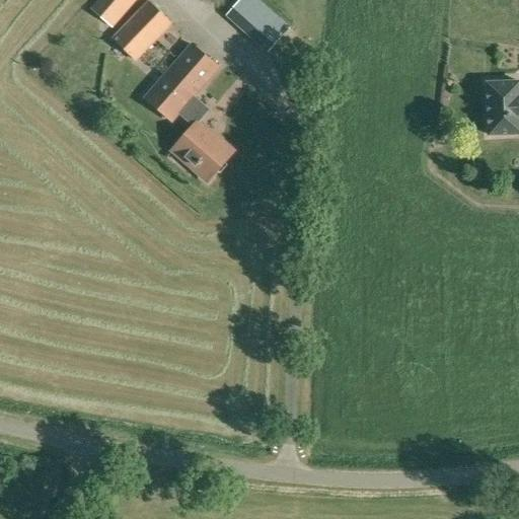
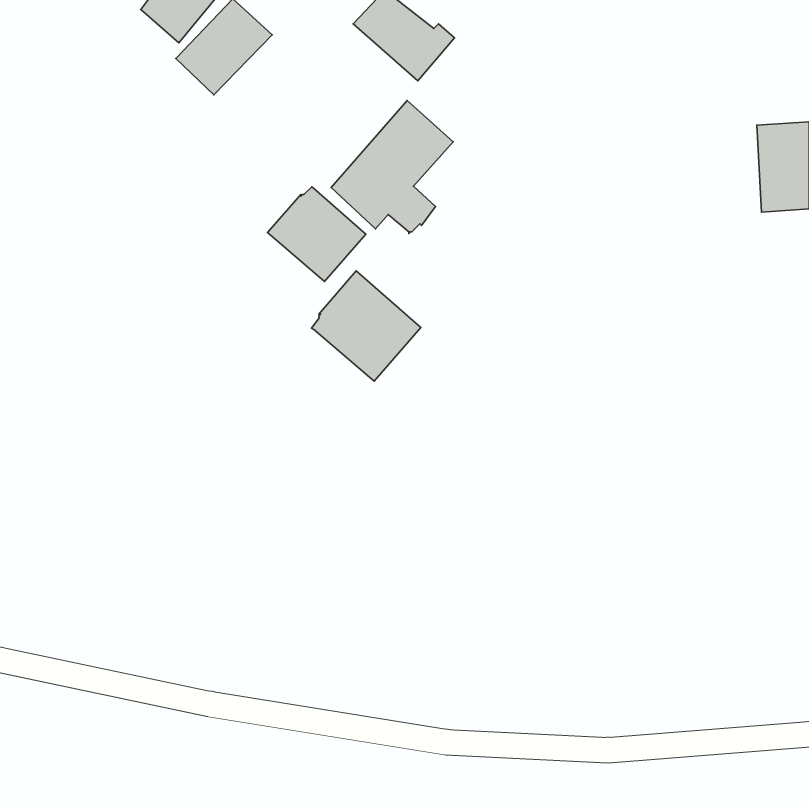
building: [143,41,221,126] -> [331,101,453,233]
building: none -> [312,271,421,381]

